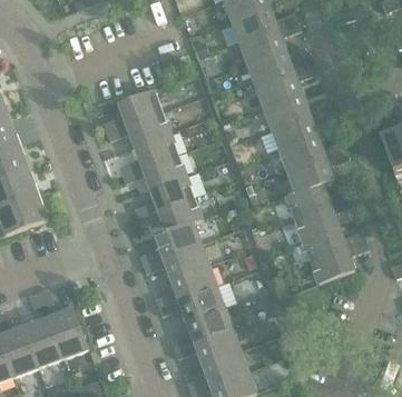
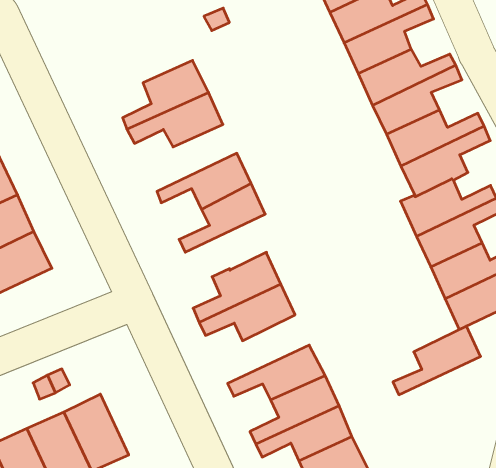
building: [117,133,177,175] -> none
building: [137,196,202,231] -> none
building: [155,265,215,307] -> [393,326,481,395]

